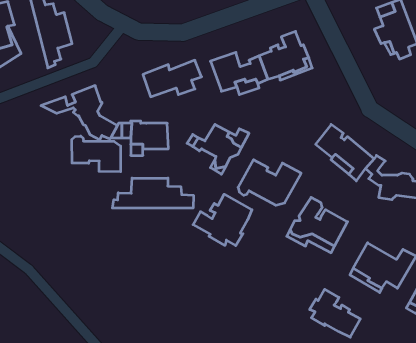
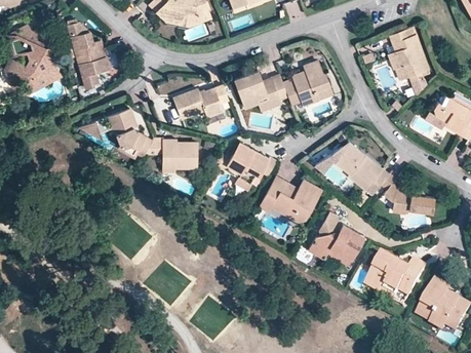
building: [72,136,121,172] -> none
building: [112,178,193,208] -> none
building: [193,194,252,246] -> none
building: [310,289,360,337] -> none

